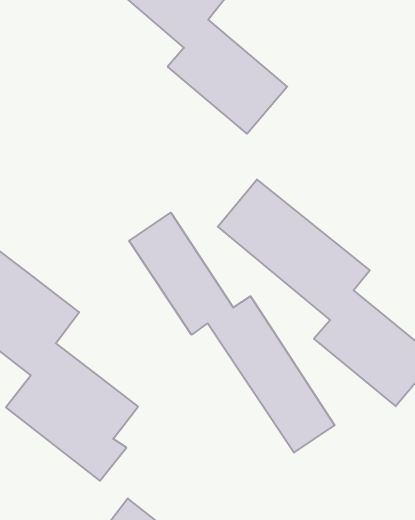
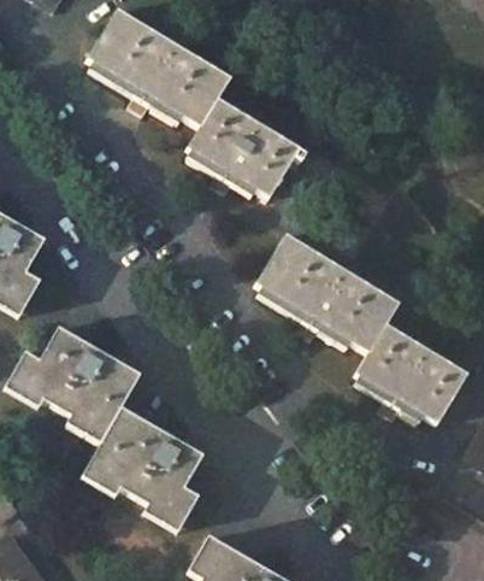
building: [129,213,335,453] -> none

